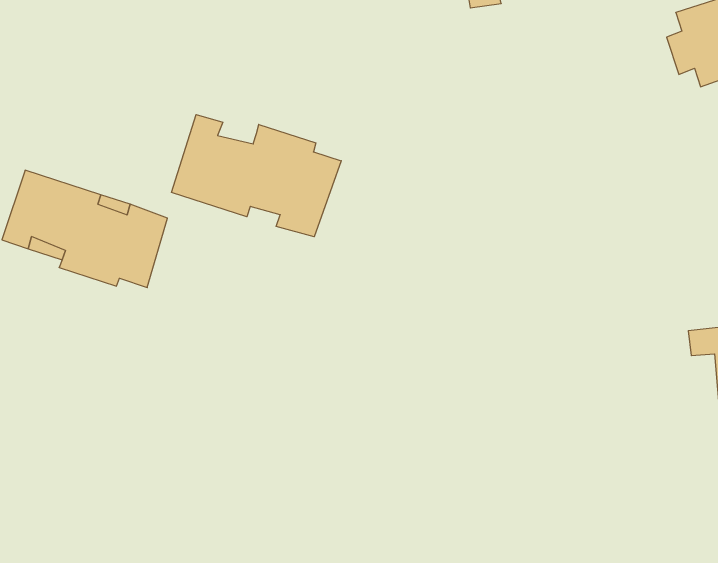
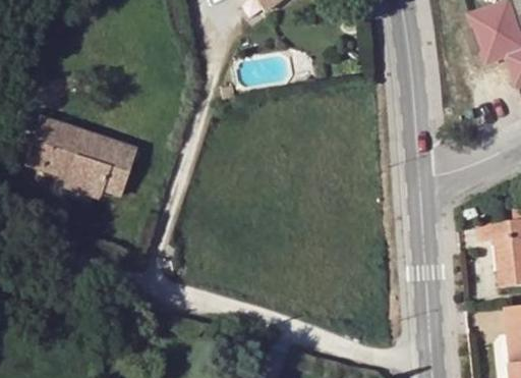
building: [171,115,341,237] -> none

